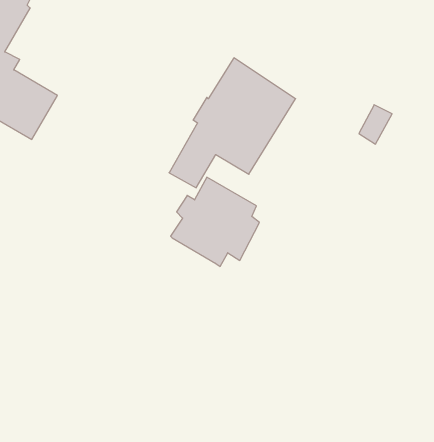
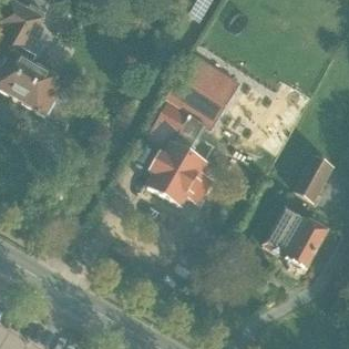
building: none -> [292,154,335,203]
building: none -> [263,205,328,271]

